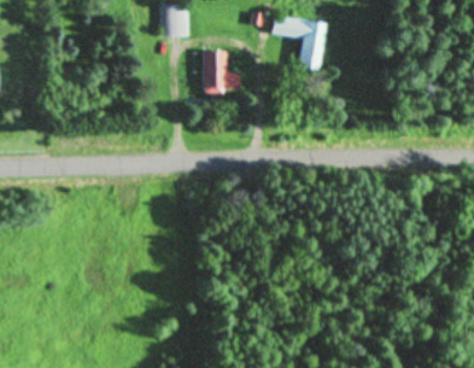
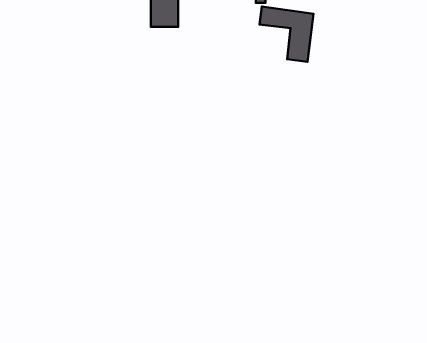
building: [204,51,241,92] -> none

